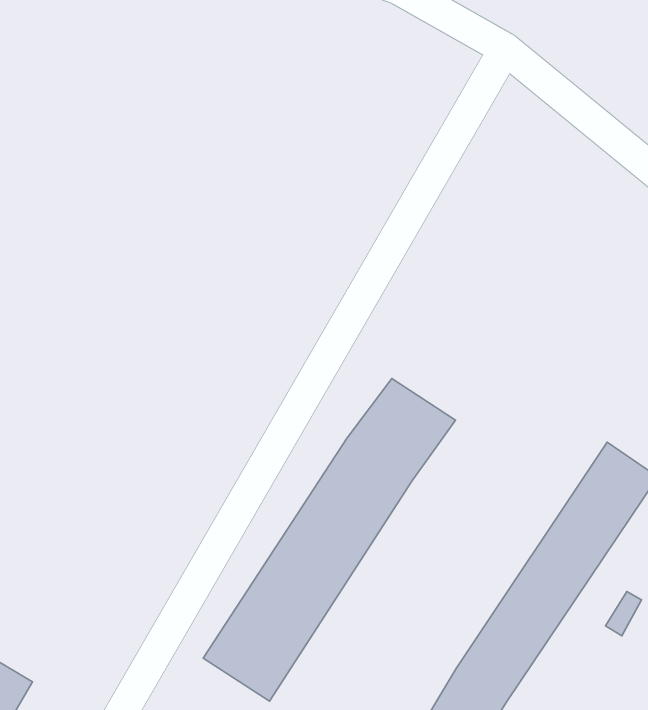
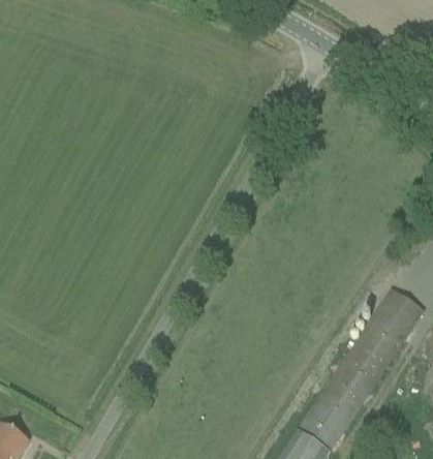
building: [203,378,455,701] -> none

